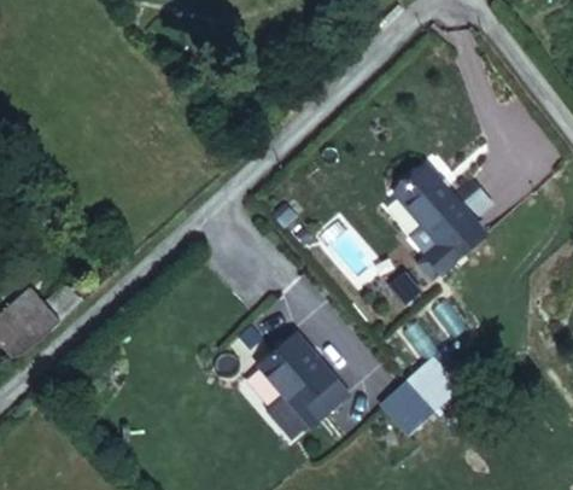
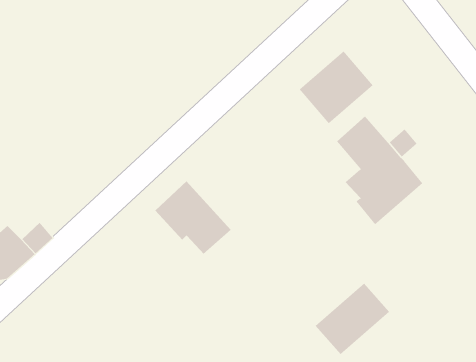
building: none -> [299,50,373,124]
building: [250,339,337,422] -> [154,181,231,255]

